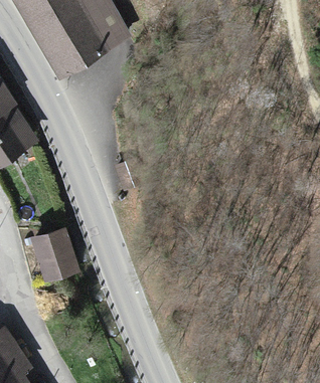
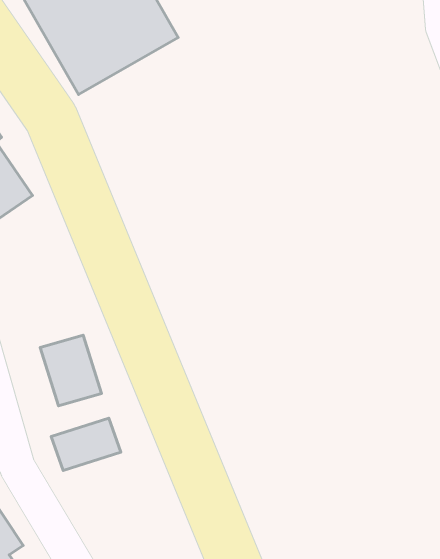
building: none -> [51,418,121,470]

